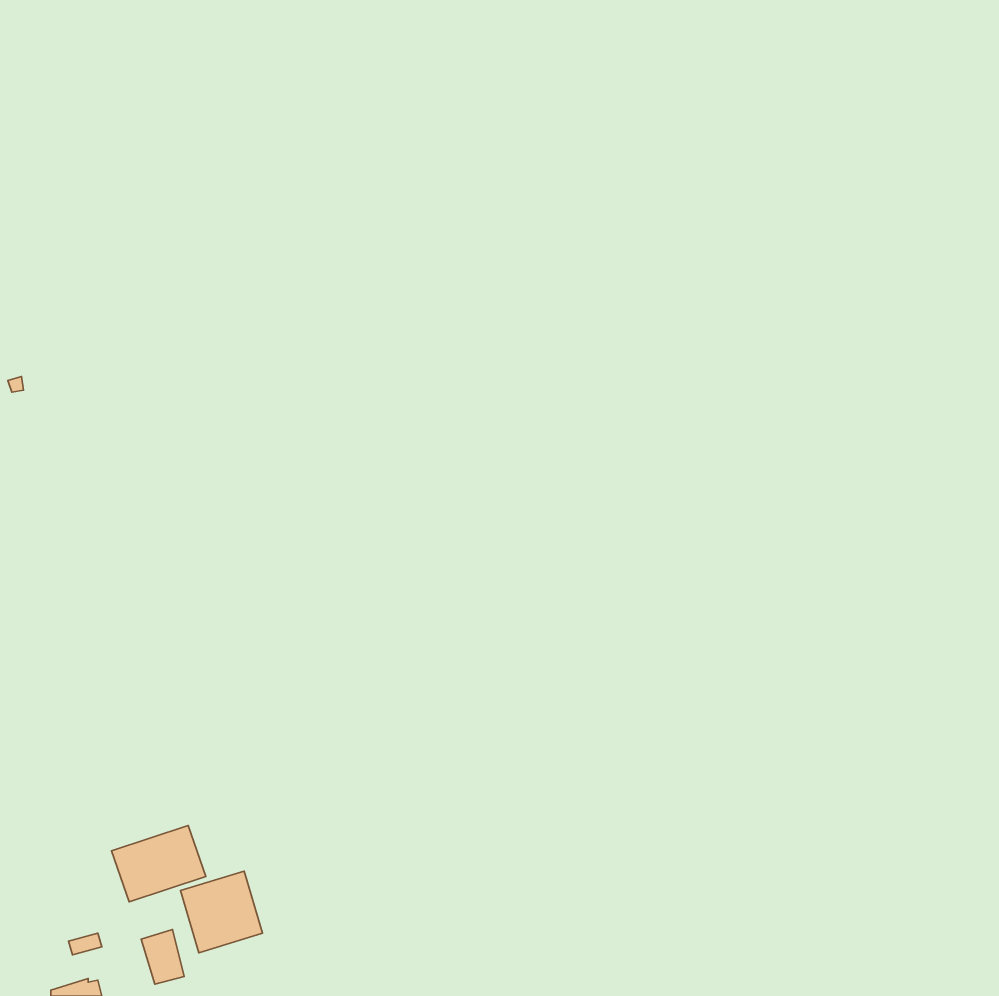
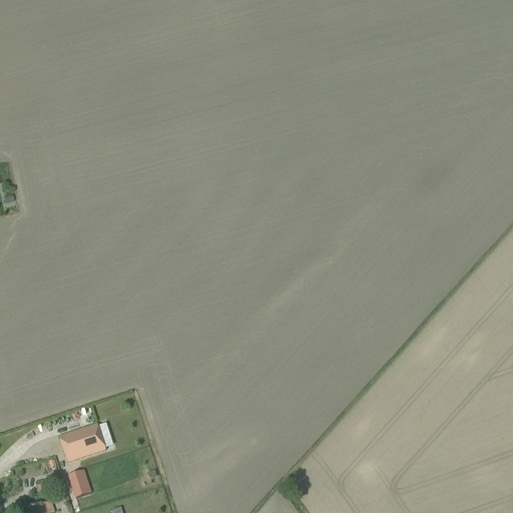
building: [181,871,263,953] -> none

